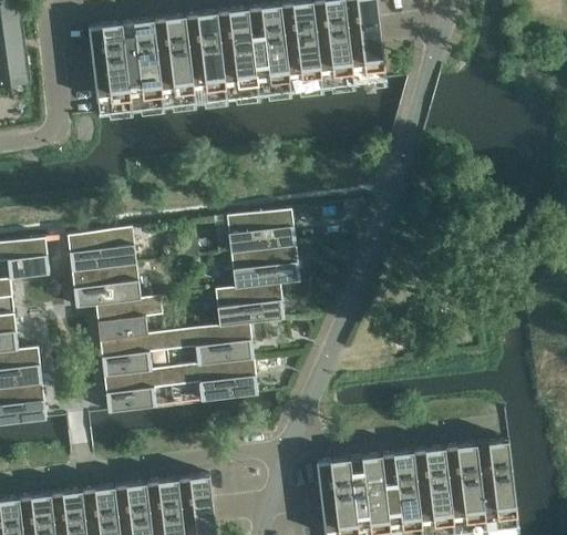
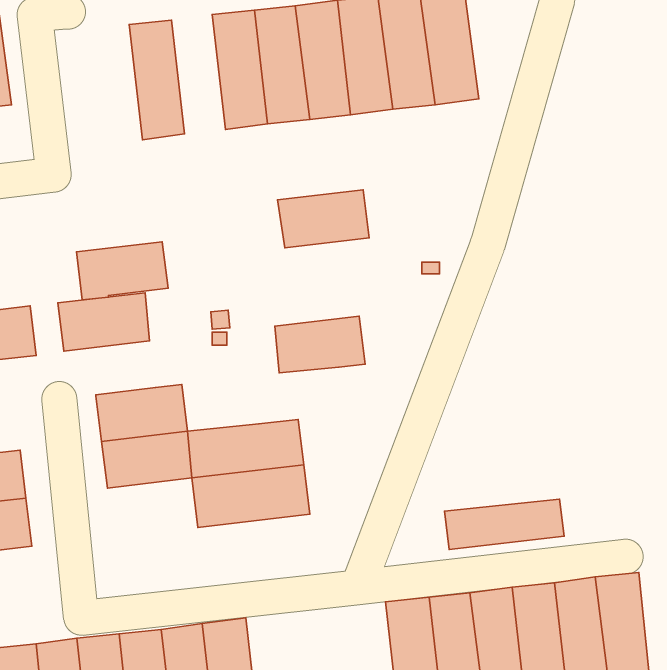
building: [153,17,194,107] -> none
building: [87,24,131,115] -> none
building: [226,209,296,254] -> [277,190,369,248]
building: [71,265,141,309] -> [76,242,168,300]
building: [216,285,285,328] -> none
building: [104,369,173,414] -> none
building: none -> [444,499,564,549]

